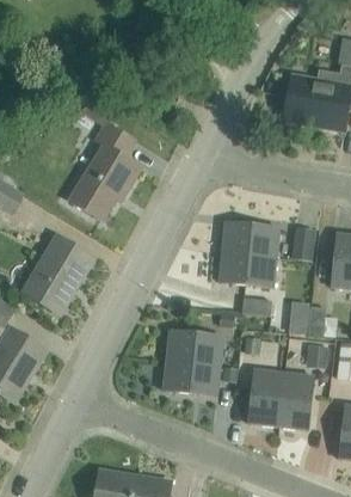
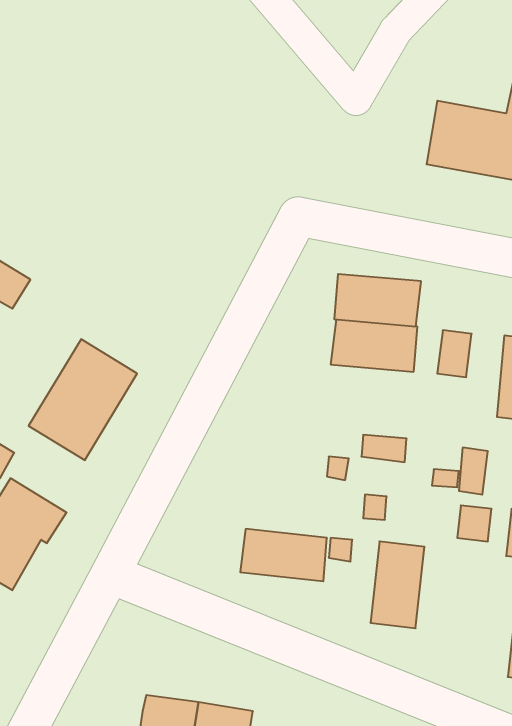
building: [69,98,142,220] -> none
building: [220,251,277,286] -> [334,274,421,326]
building: [166,330,223,366] -> none
building: [278,372,314,429] -> none

